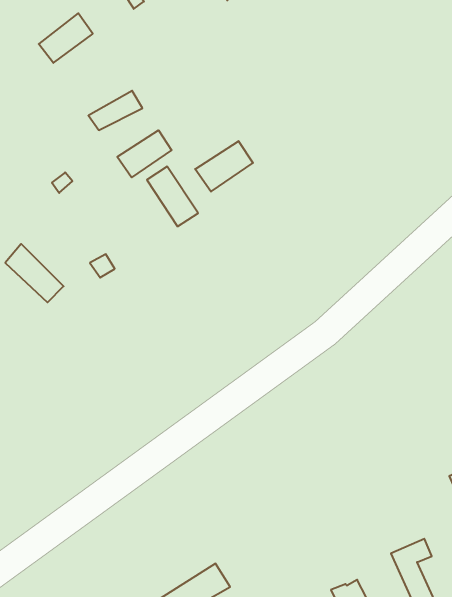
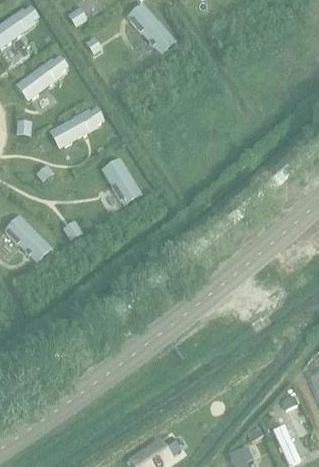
building: [117,130,172,177] -> none
building: [195,141,253,192] -> none

